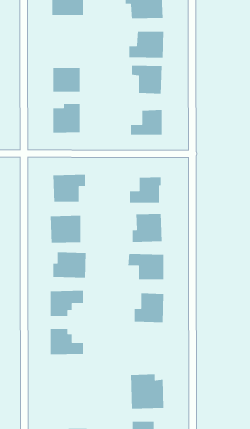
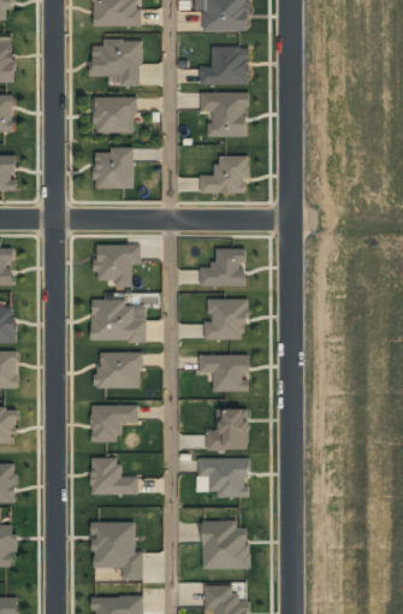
building: none -> [89,41,140,82]
building: none -> [196,457,248,497]
building: none -> [90,521,142,580]

